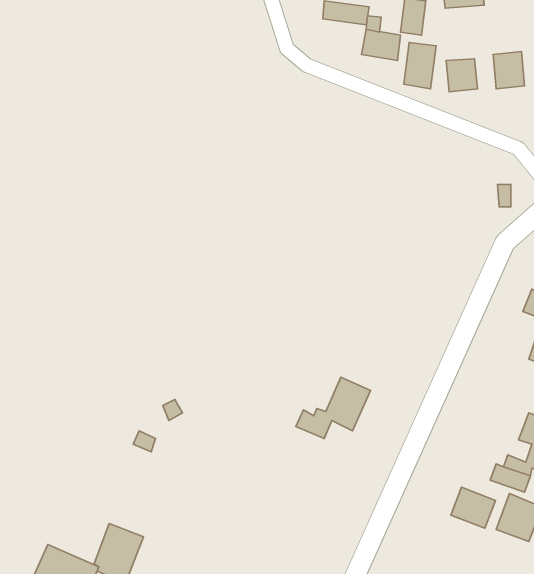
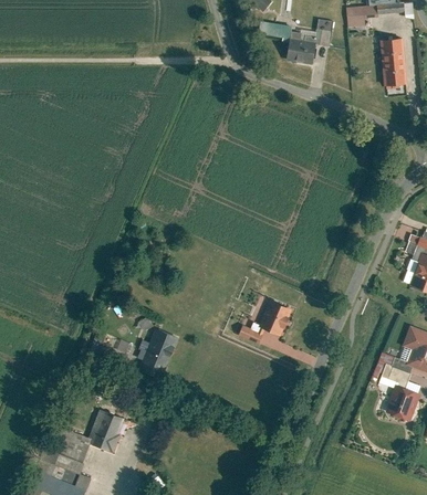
building: [404,43,436,89] -> none
building: [446,59,478,92] -> [382,36,405,61]
building: none -> [137,328,178,380]
building: [451,487,495,528] -> none

